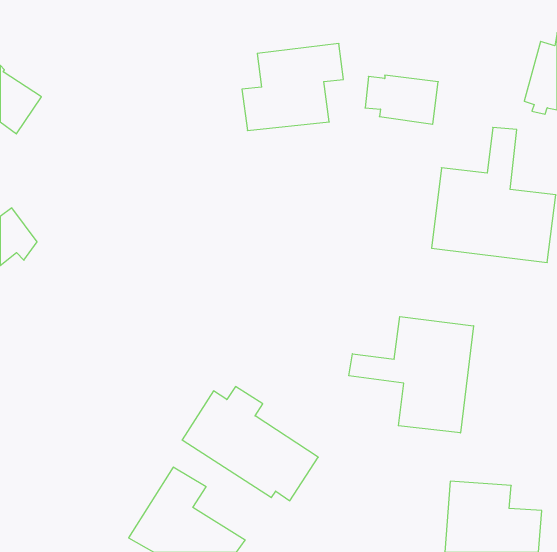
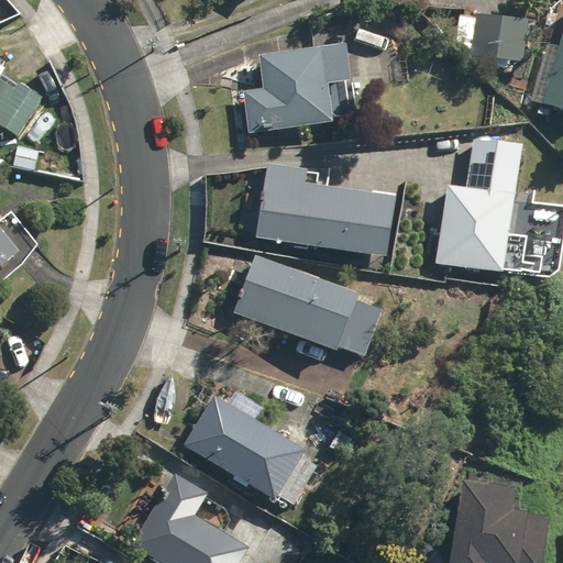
building: [365,75,438,124] -> [456,13,530,63]
building: none -> [254,164,395,256]
building: none -> [232,255,379,355]
building: [349,317,474,433] -> none

